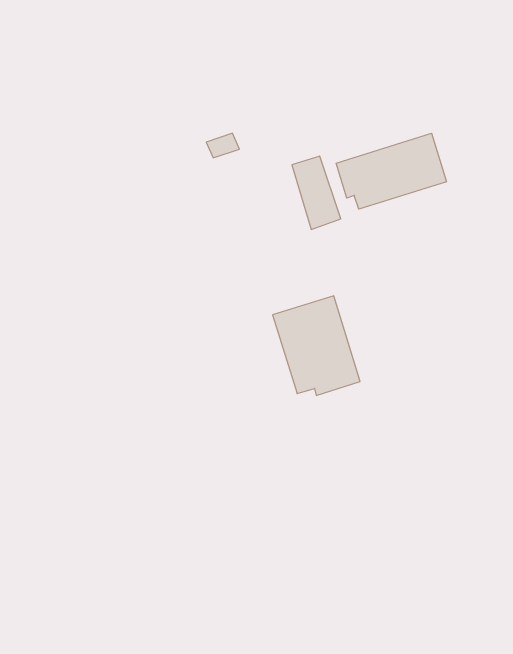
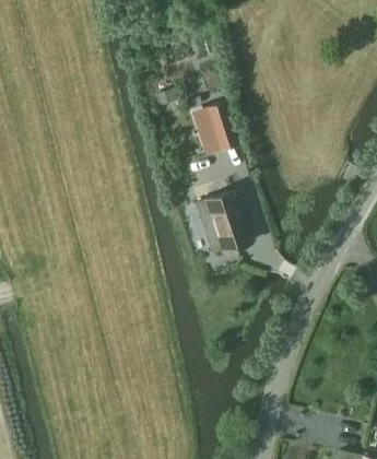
building: [336,133,446,209] -> none

